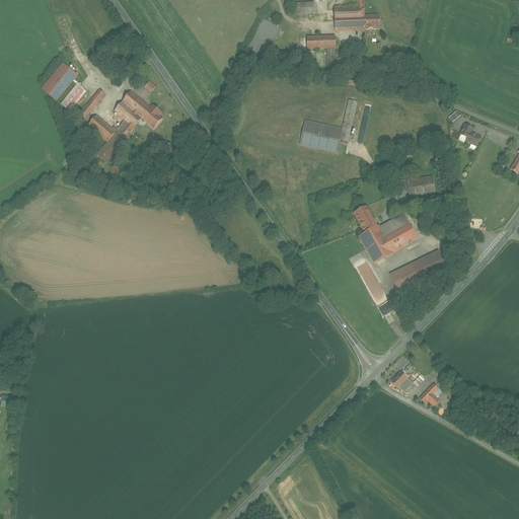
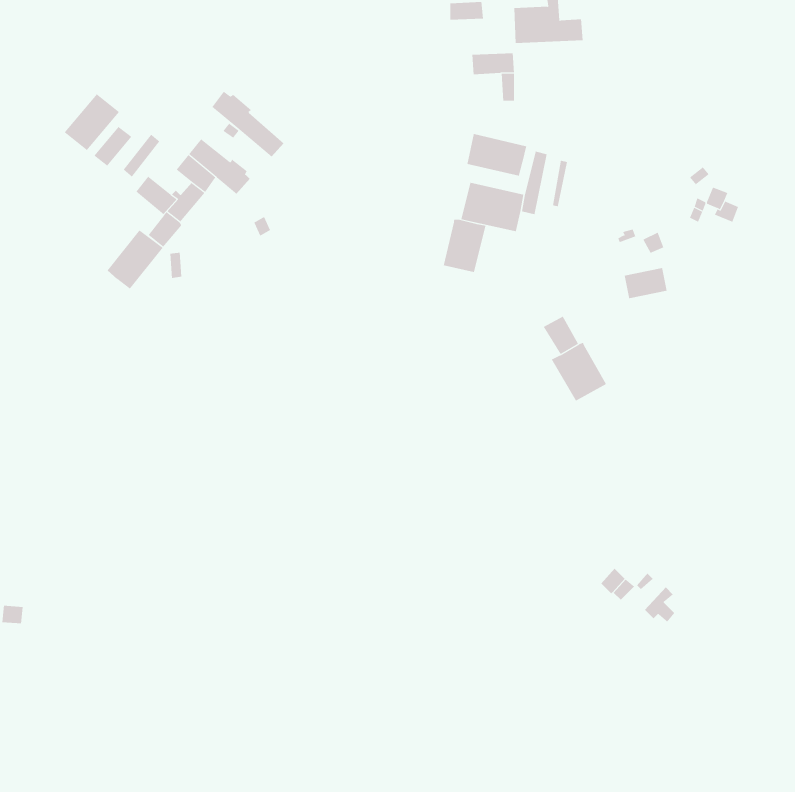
building: none -> [211,91,284,158]
building: none -> [467,133,527,176]
building: none -> [443,219,486,273]
building: none -> [107,229,164,290]
building: [381,212,419,250] -> none
building: [391,249,446,287] -> none

